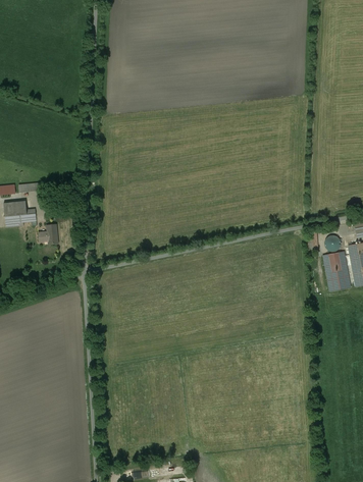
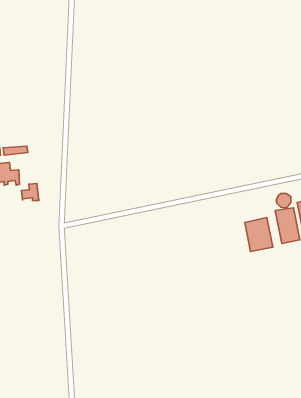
building: none -> [245,217,273,251]

